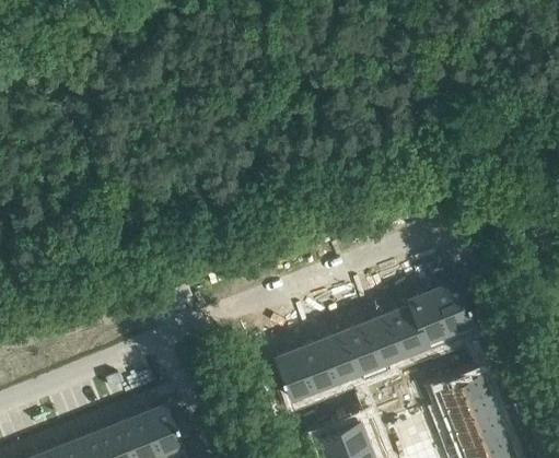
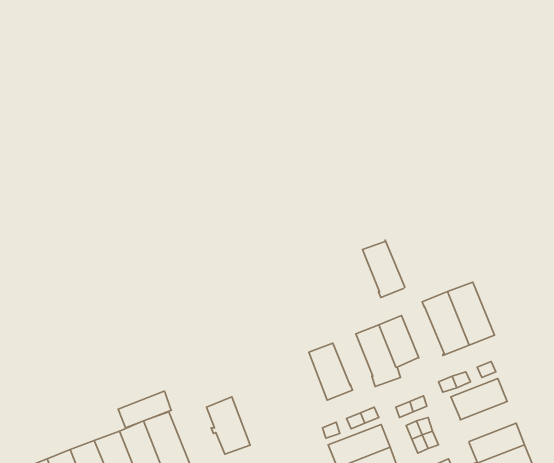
building: [388,303,429,357] -> [362,240,405,298]
building: [323,329,361,378] -> none
building: [276,347,317,401] -> [207,397,250,454]
building: none -> [118,391,172,428]
building: [439,394,498,435] -> none

